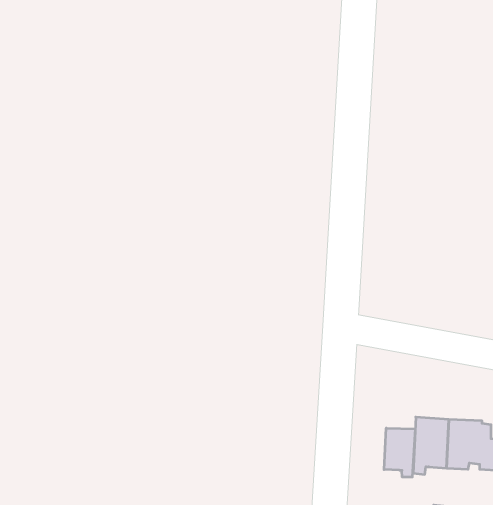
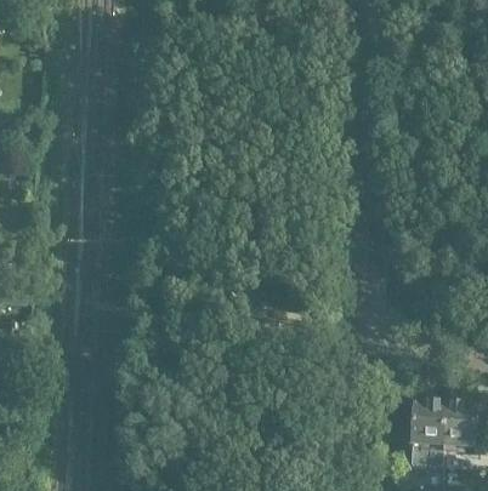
building: [384,428,415,477] -> none

